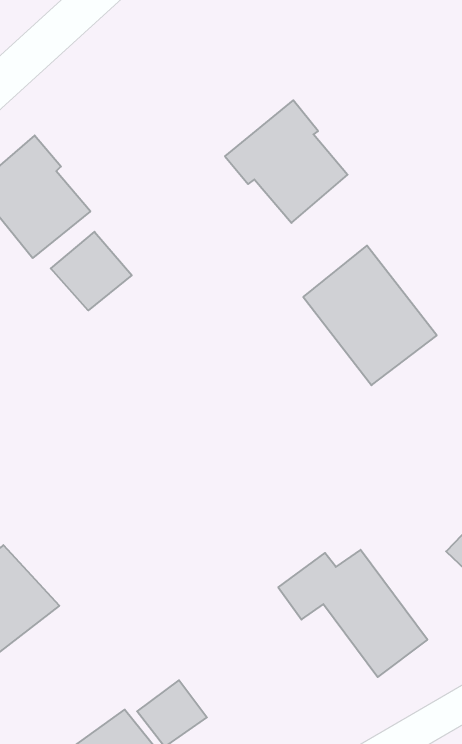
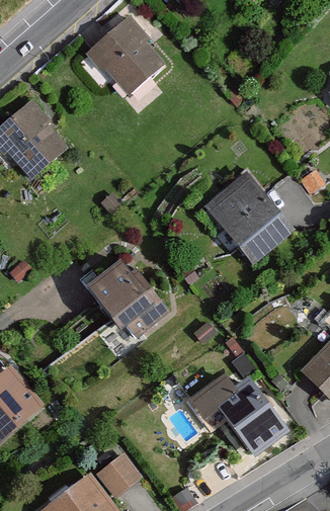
building: [225,100,348,223] -> [85,16,165,96]
building: [51,232,132,310] -> none
building: none -> [84,262,172,339]

